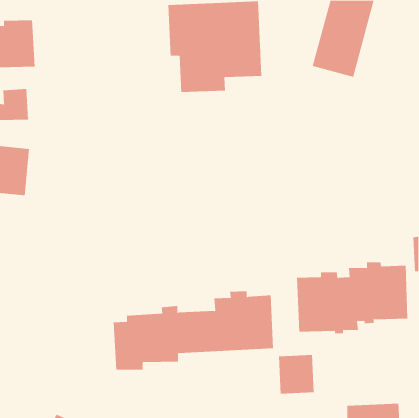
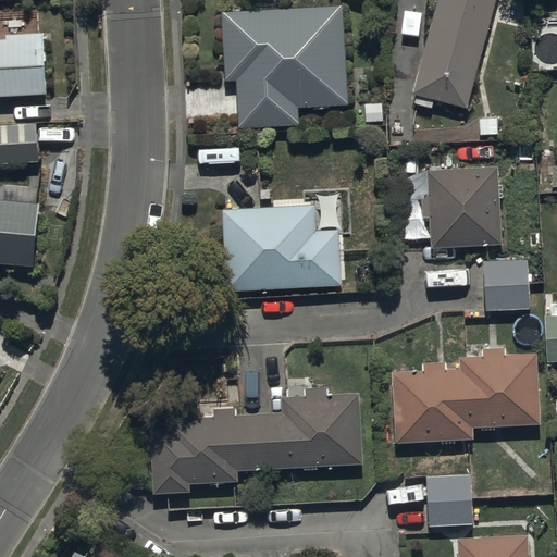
building: none -> [420,166,503,249]
building: none -> [221,205,343,290]
building: none -> [483,260,529,312]
building: [278,355,315,394] -> [425,475,473,528]

